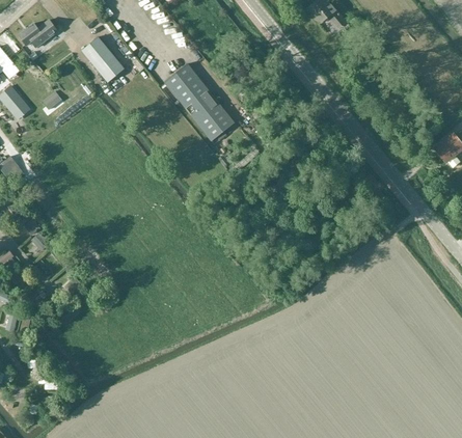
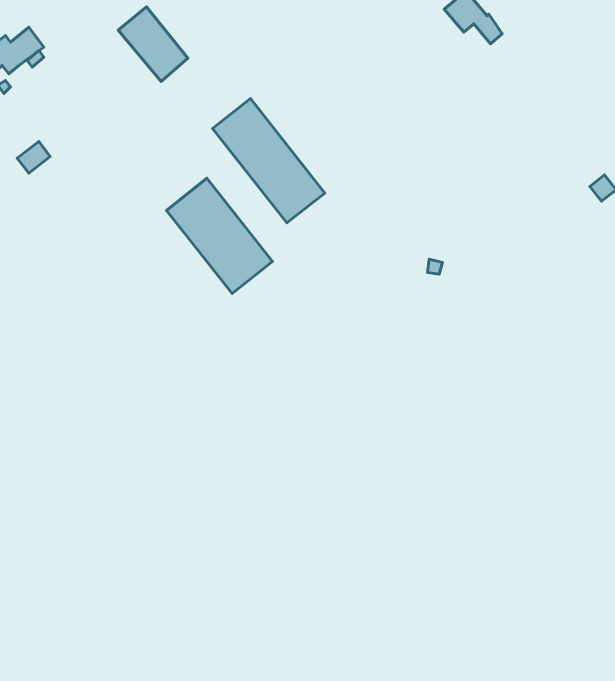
building: [81,36,125,83] -> [118,7,188,81]
building: none -> [166,178,272,294]

